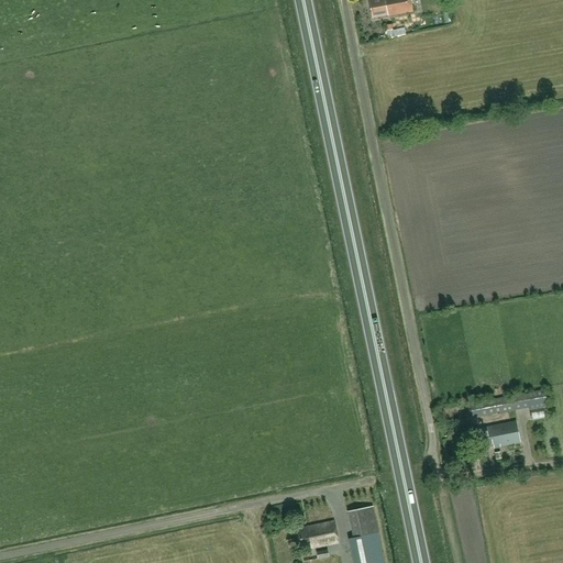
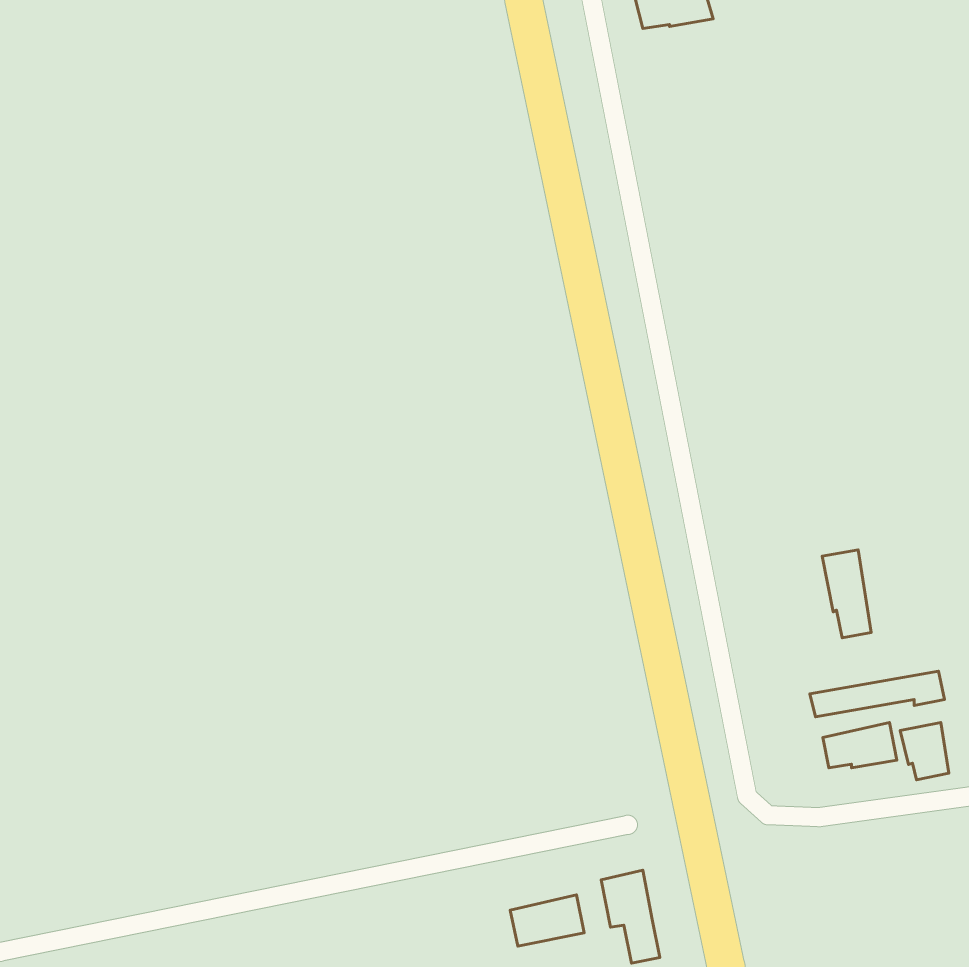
building: none -> [822,550,871,638]
building: none -> [900,722,949,780]

